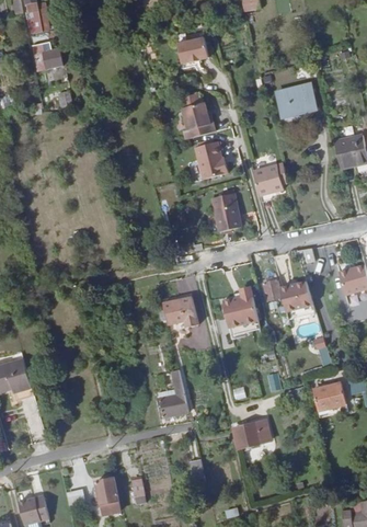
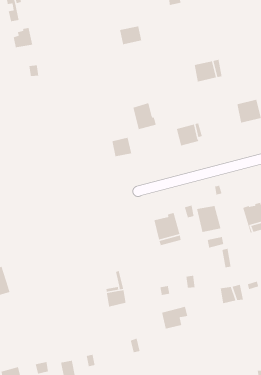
building: [182,101,214,136] -> none
building: [214,201,241,228] -> [112,137,132,157]
building: [163,295,198,330] -> none

